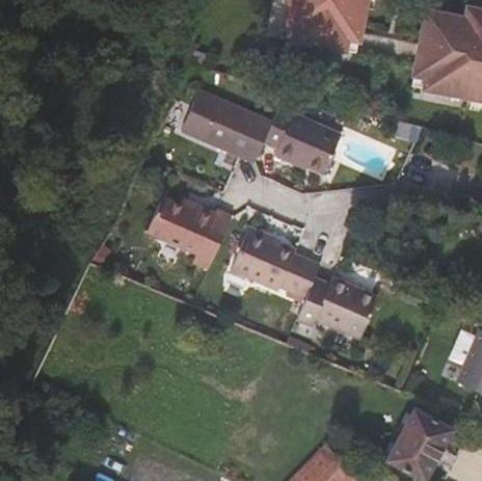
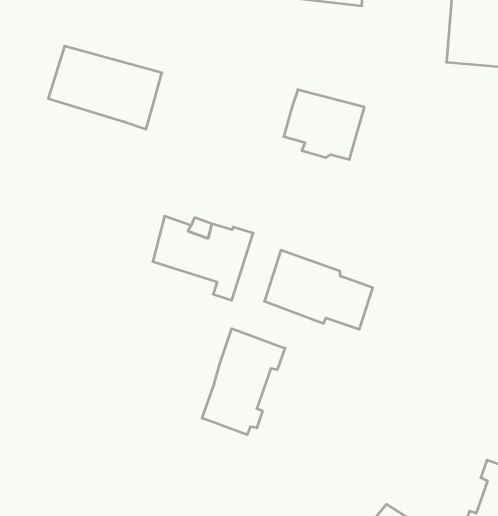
building: [187,92,279,164] -> [48,46,162,129]
building: [329,280,392,342] -> none
building: none -> [202,329,285,435]

